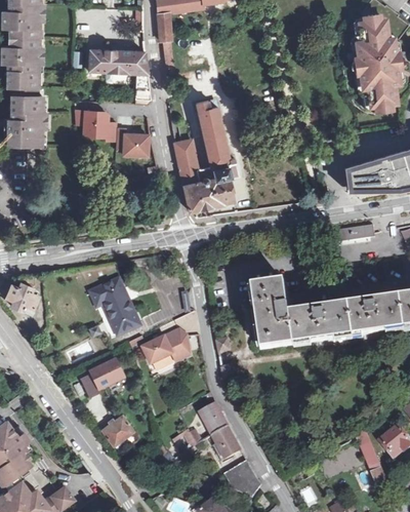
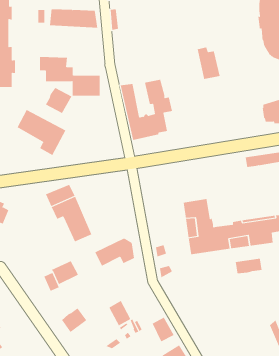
building: [196,100,224,140] -> [197,47,220,79]
building: none -> [45,87,72,114]
building: none -> [17,109,66,156]
building: none -> [235,258,262,274]
building: [201,402,229,434] -> [109,300,131,326]

